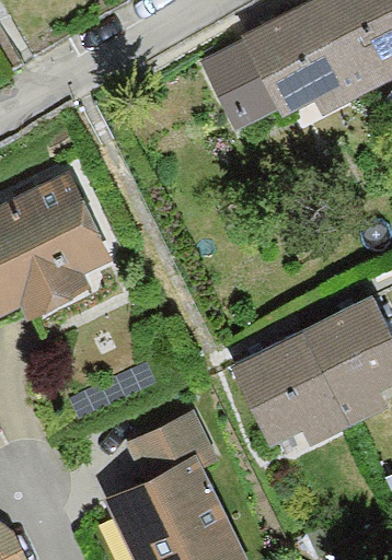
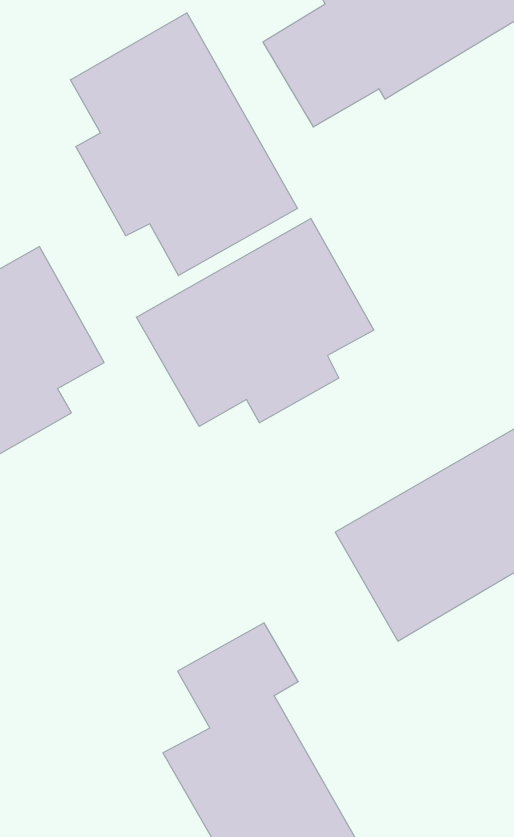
building: none -> [70,13,297,276]
building: none -> [136,218,374,426]

